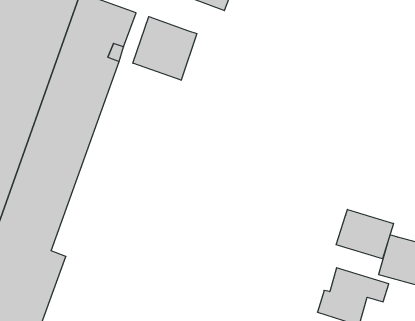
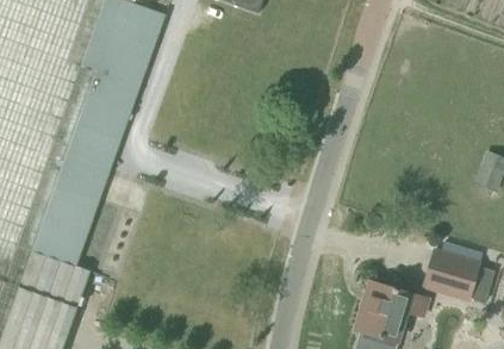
building: [133,17,197,80] -> none
building: [336,209,393,259] -> none

